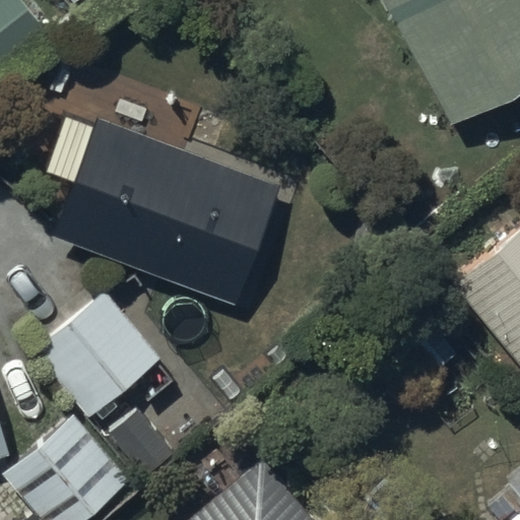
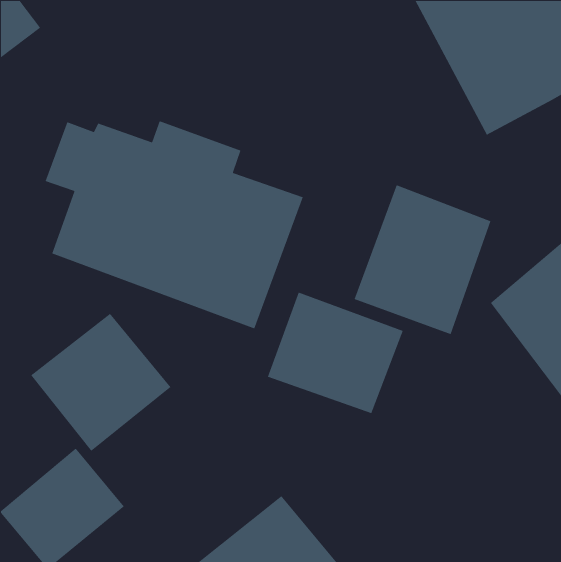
building: none -> [354,184,492,335]
building: none -> [267,292,404,414]

